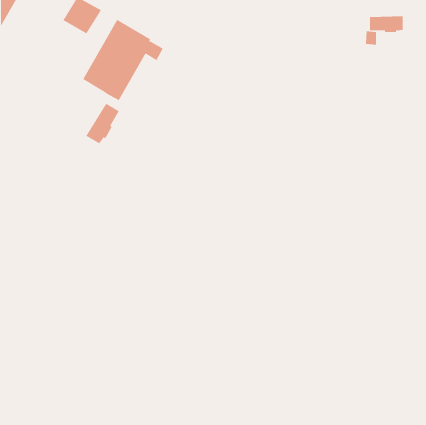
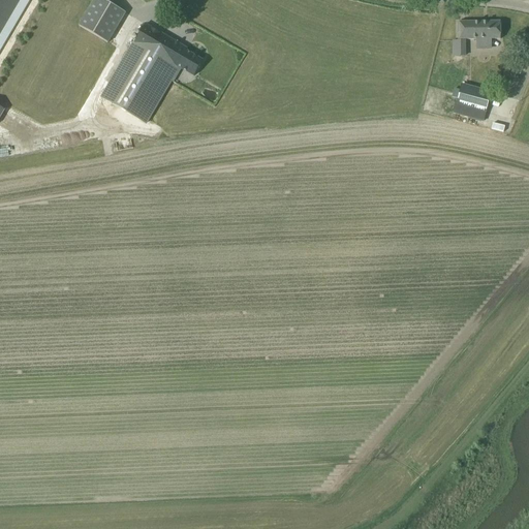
building: none -> [454,83,491,120]
building: [86,103,120,144] -> none

